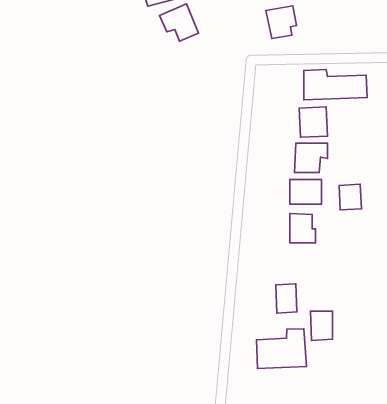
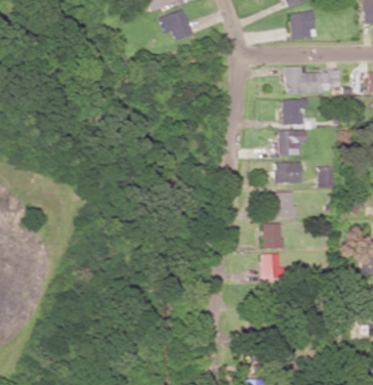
building: [266,6,296,39] -> [290,10,317,39]
building: [310,311,333,340] -> [263,223,283,249]
building: [256,329,306,369] -> none

